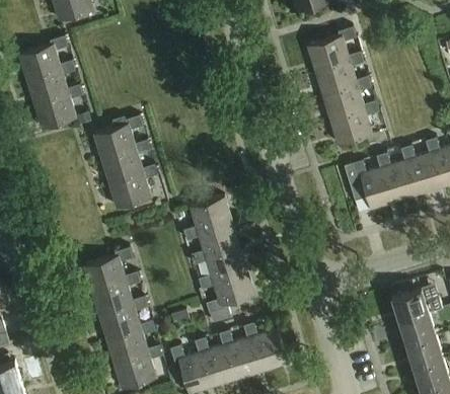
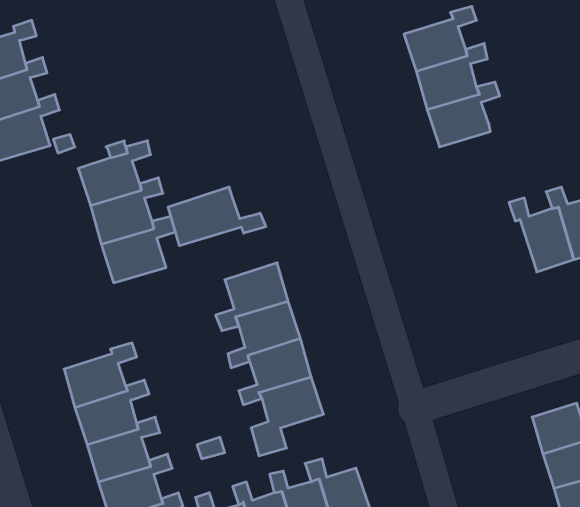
building: [330,101,378,145] -> none
building: none -> [168,187,266,246]
building: [344,161,394,209] -> none

